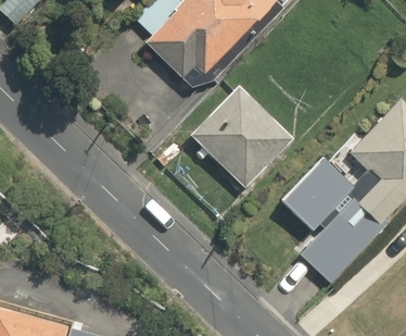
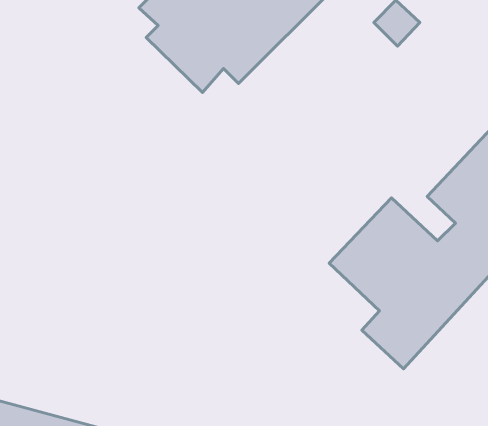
building: [188,86,293,191] -> none

